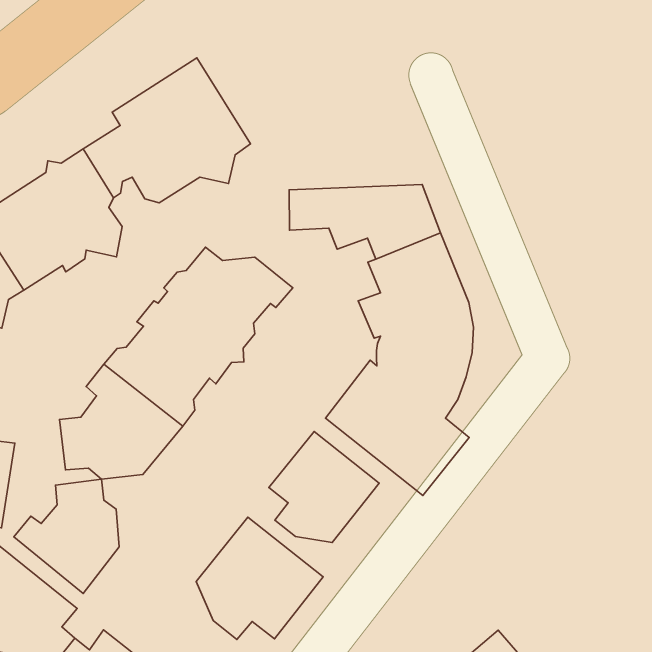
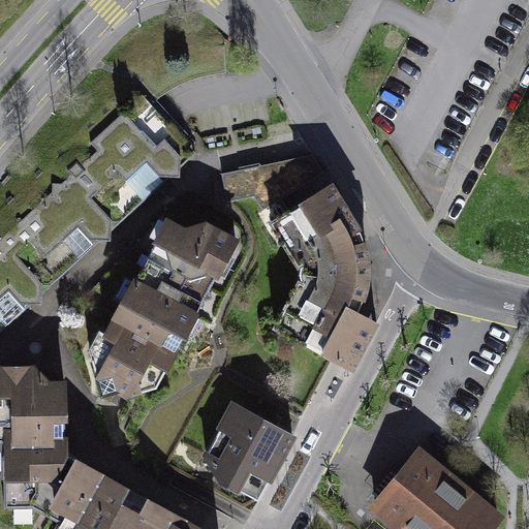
building: [269,432,379,542] -> none
building: [14,479,119,593] -> none

